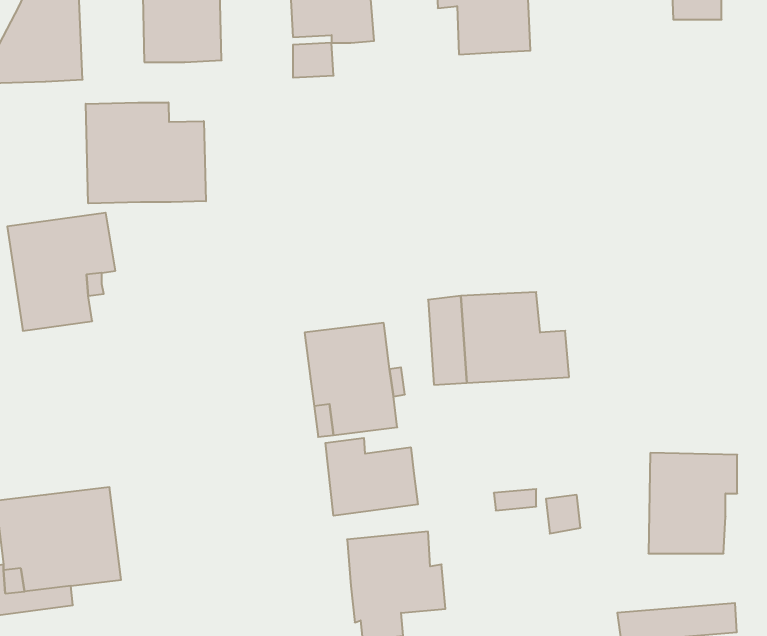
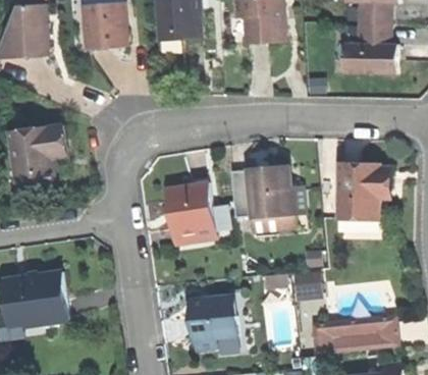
building: none -> [343,23,397,70]
building: [86,102,206,203] -> none
building: [325,438,418,516] -> none
building: [648,453,737,553] -> [338,164,385,217]

